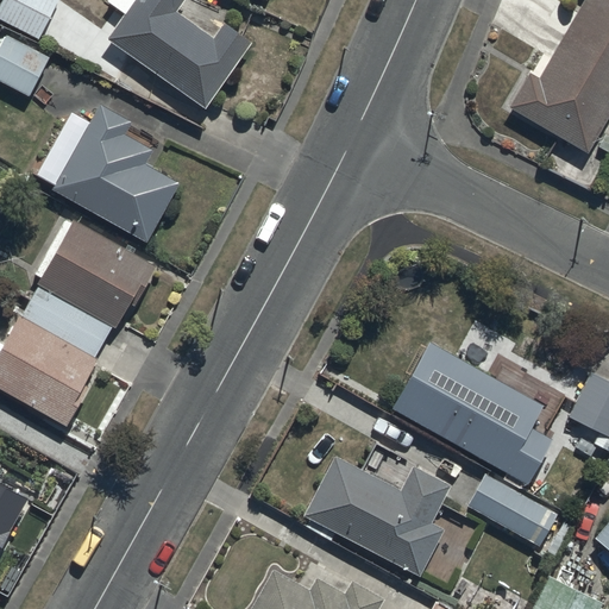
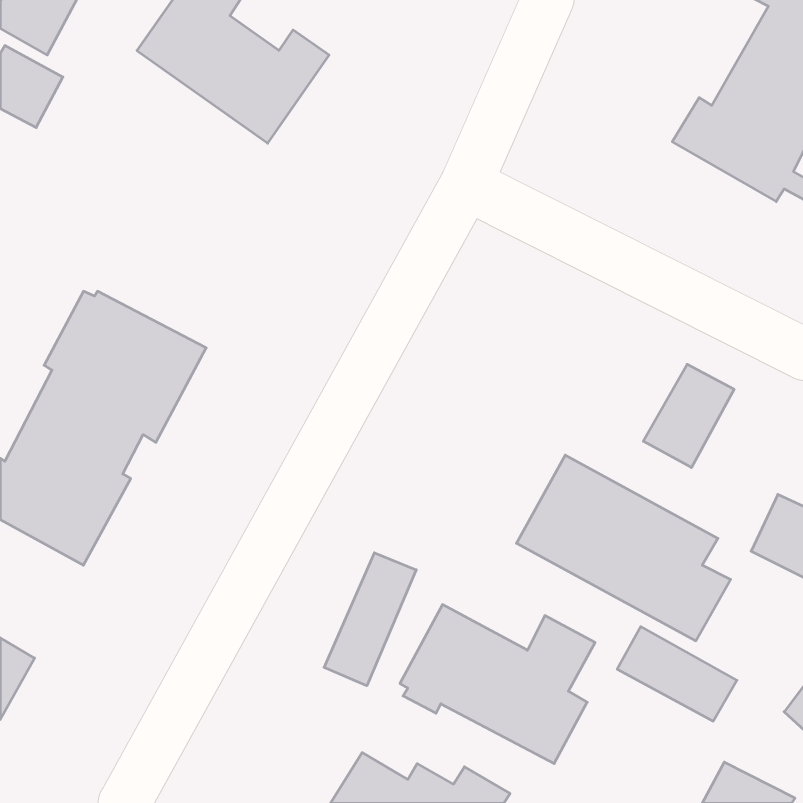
building: [50,103,180,243] -> none
building: none -> [643,364,734,468]
building: none -> [324,553,416,686]

